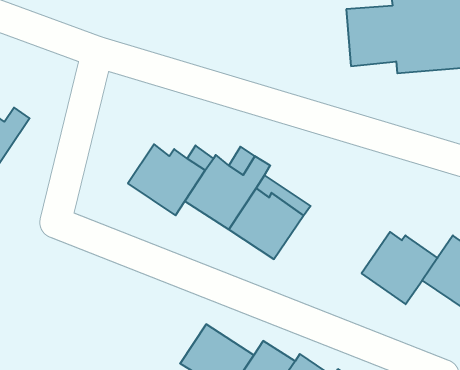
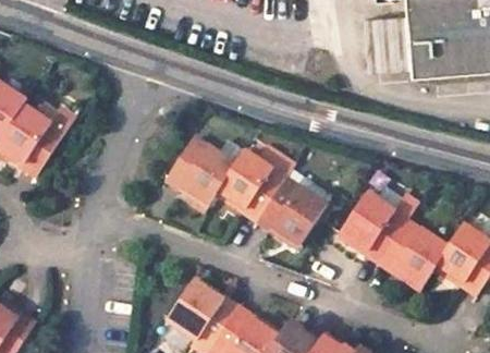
building: none -> [340,192,405,261]
building: none -> [168,279,236,344]

